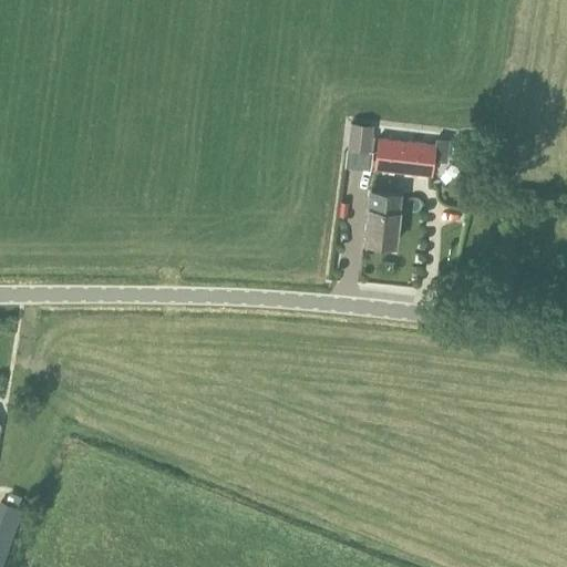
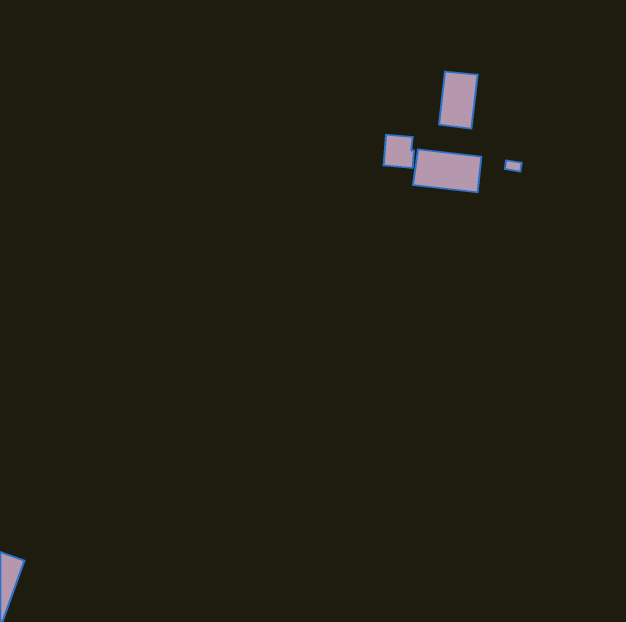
building: none -> [439,71,477,129]
building: [367,194,399,248] -> none

